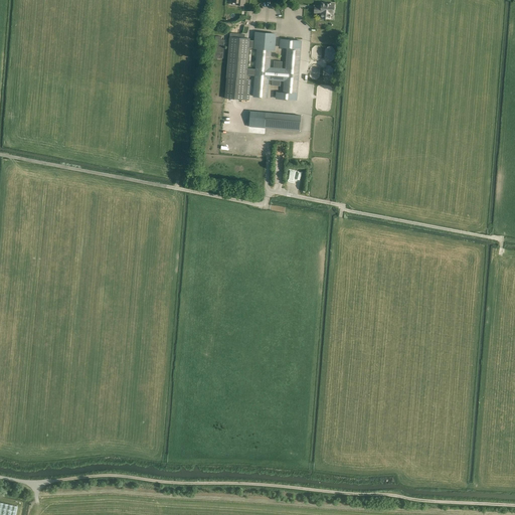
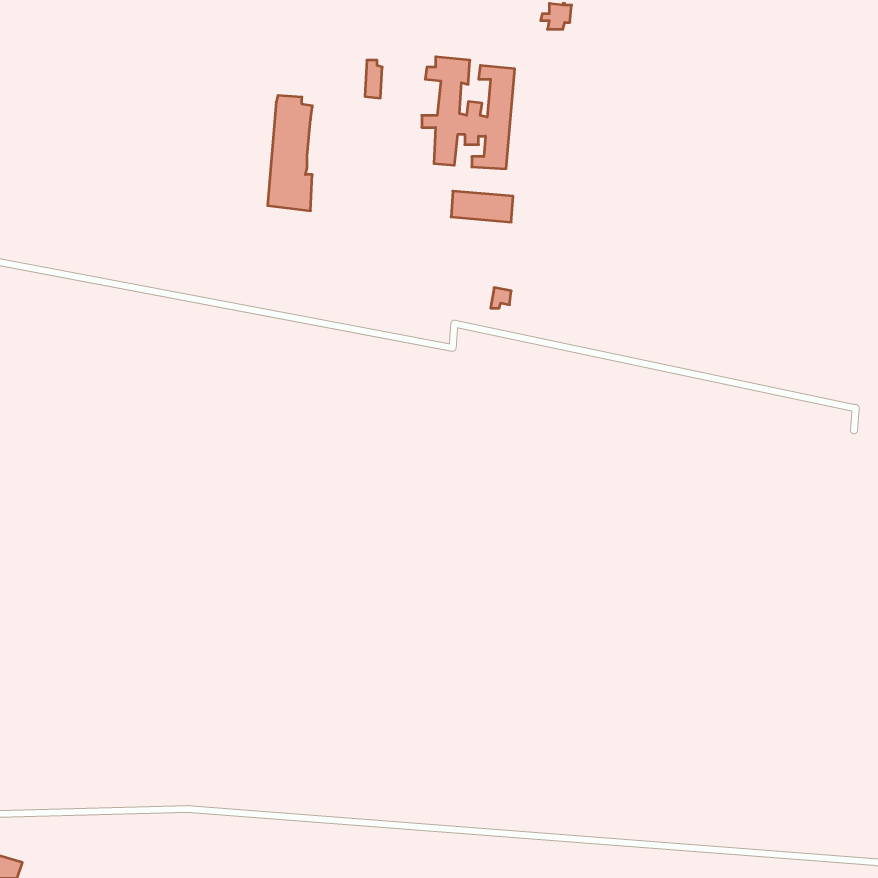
building: [223,32,249,100] -> [268,95,312,211]

